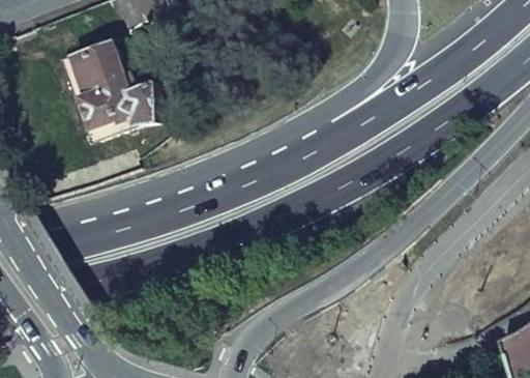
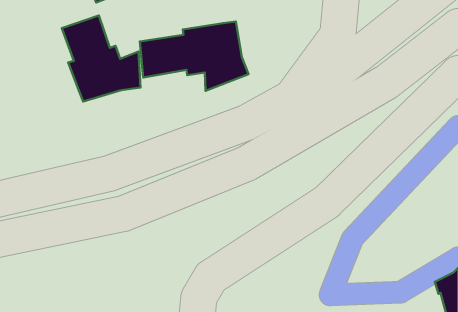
building: none -> [140,22,248,91]

